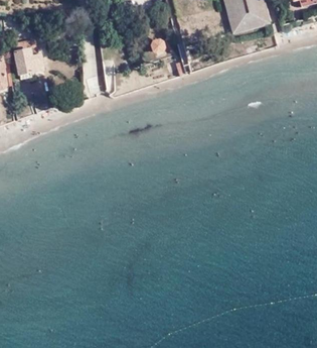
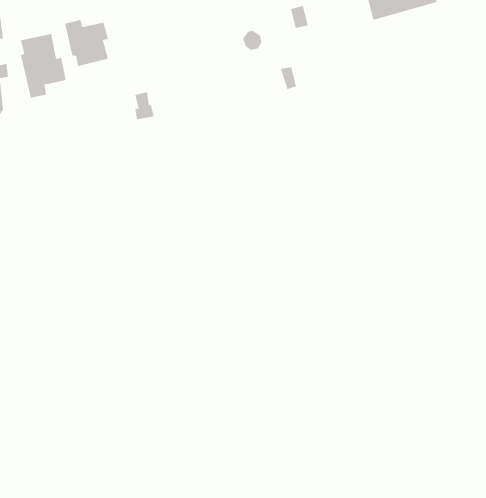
building: none -> [65,19,108,67]

